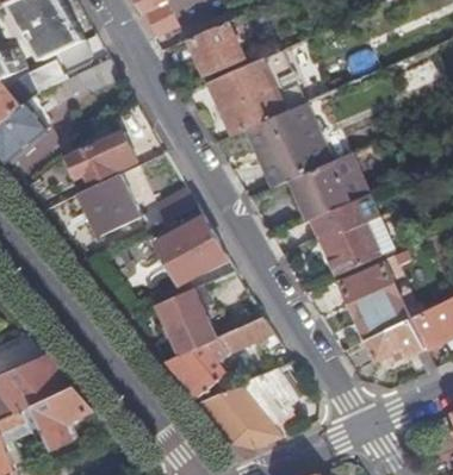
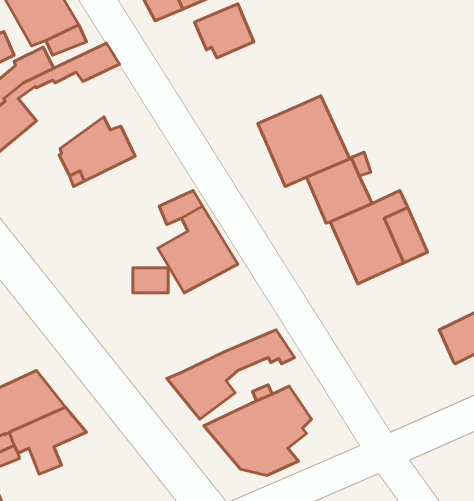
building: [206,50,302,135] -> none
building: [76,174,136,236] -> none
building: [339,263,399,321] -> none
building: [155,285,213,355] -> none
building: [364,317,422,360] -> none

